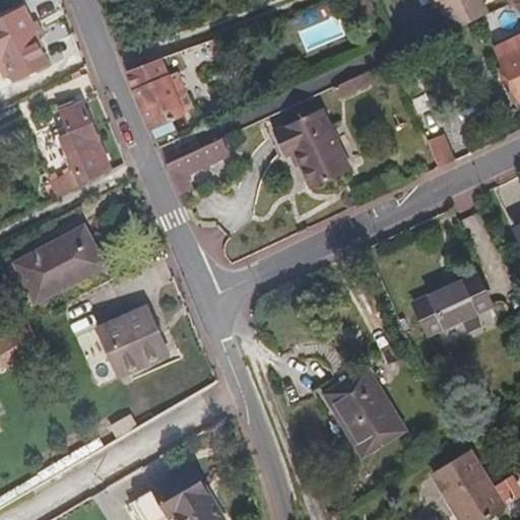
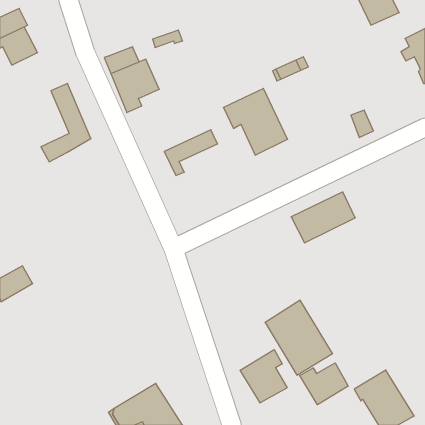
building: [166,137,231,193] -> [164,130,218,176]
building: [15,226,104,301] -> none
building: [412,273,491,335] -> [291,192,355,243]
building: [98,307,167,376] -> none
building: none -> [240,350,287,403]
building: none -> [300,363,348,405]

